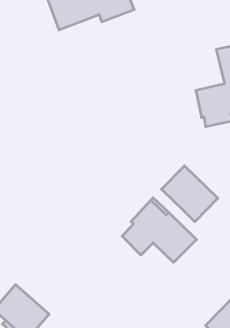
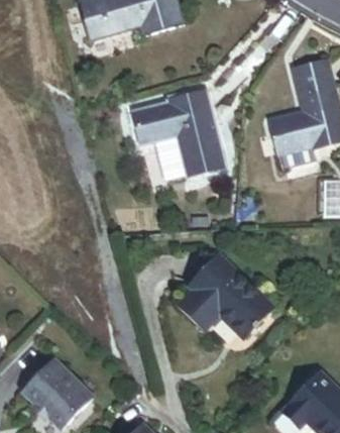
building: none -> [133,88,224,178]
building: [161,166,218,222] -> none

